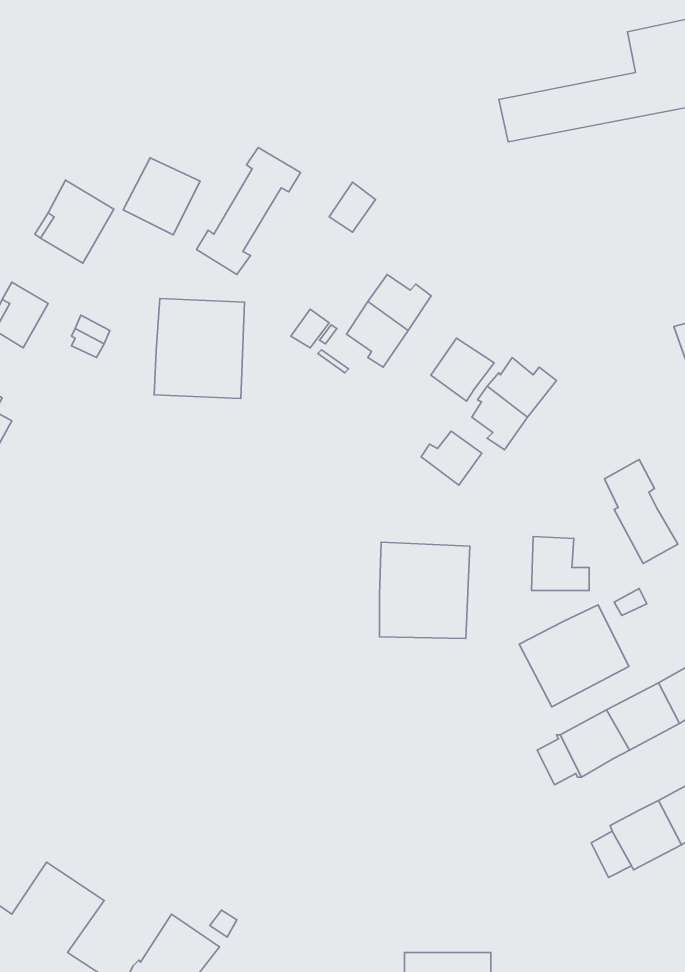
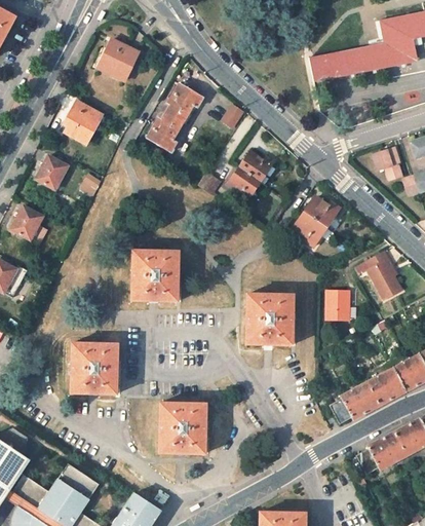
building: [123,158,200,235] -> [98,40,139,81]
building: none -> [373,147,402,179]
building: [154,298,245,399] -> [130,250,179,303]
building: [431,338,494,401] -> none
building: [421,431,482,485] -> none
building: [519,605,629,707] -> none
building: none -> [70,342,119,394]
building: none -> [159,402,205,454]

